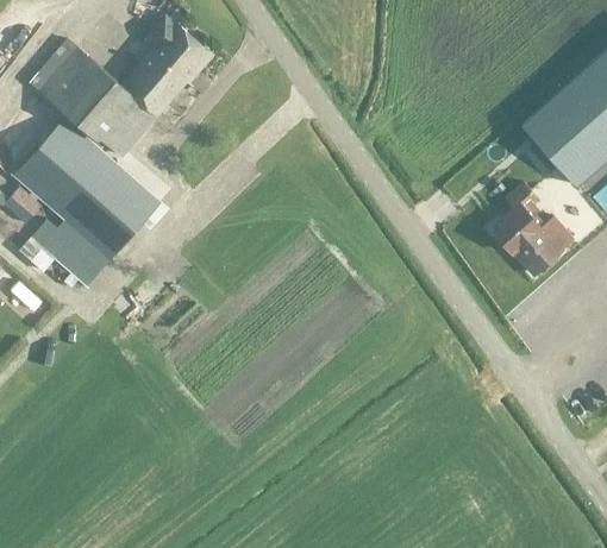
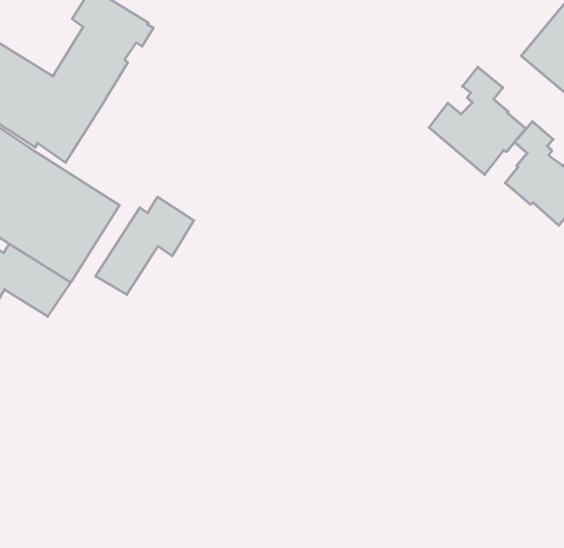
building: none -> [429,67,526,175]
building: none -> [95,197,194,295]

